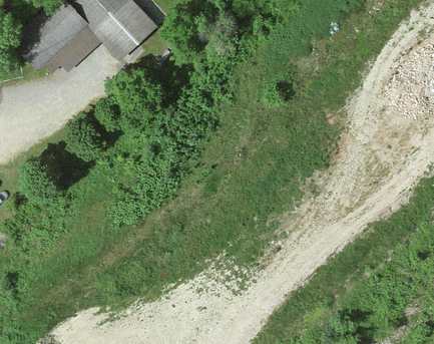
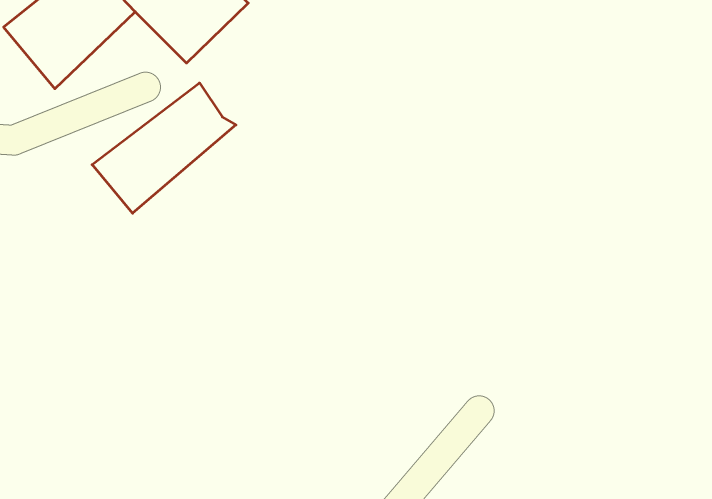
building: none -> [92,83,236,213]

